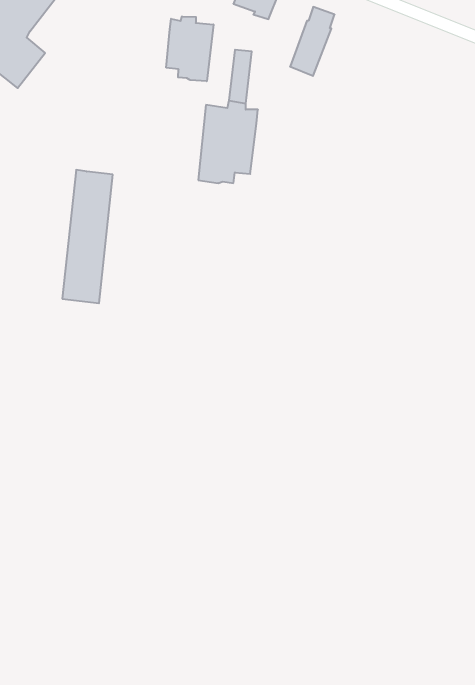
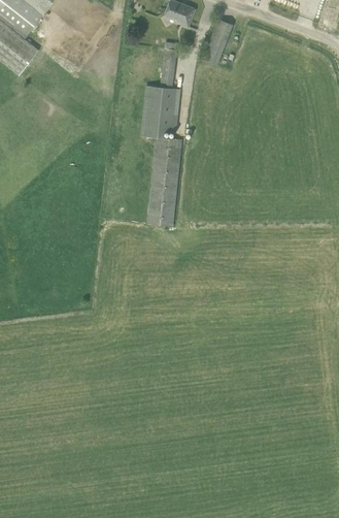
building: [166,16,213,81] -> none
building: [62,170,113,303] -> [147,136,181,226]

